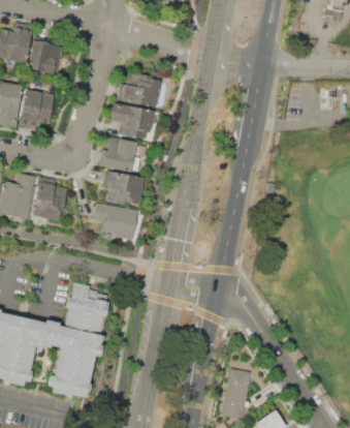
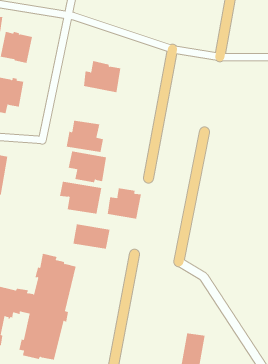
building: [109,103,153,140] -> none
building: [32,177,67,216] -> none
building: none -> [107,187,141,219]
building: none -> [73,223,110,250]

